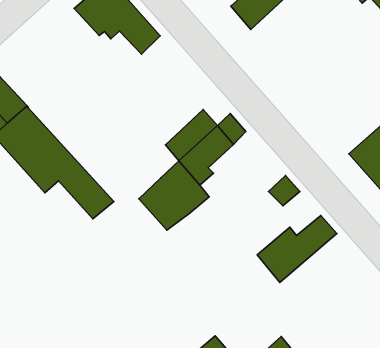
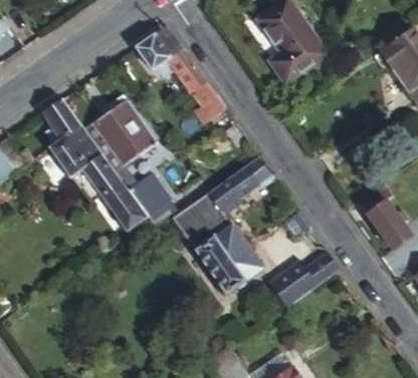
building: none -> [189,81,228,125]
building: none -> [85,102,177,221]
building: none -> [194,226,262,296]

